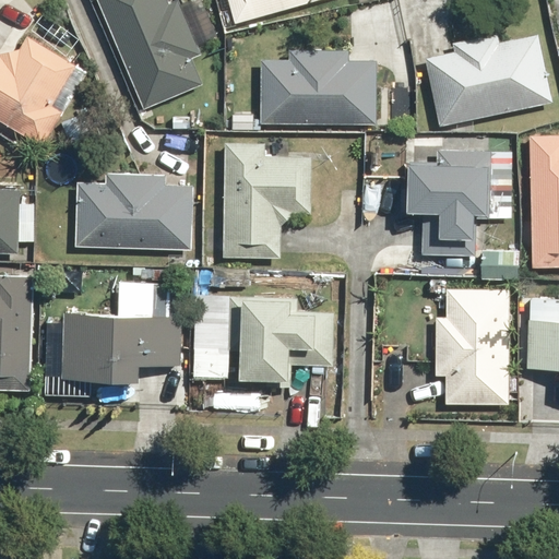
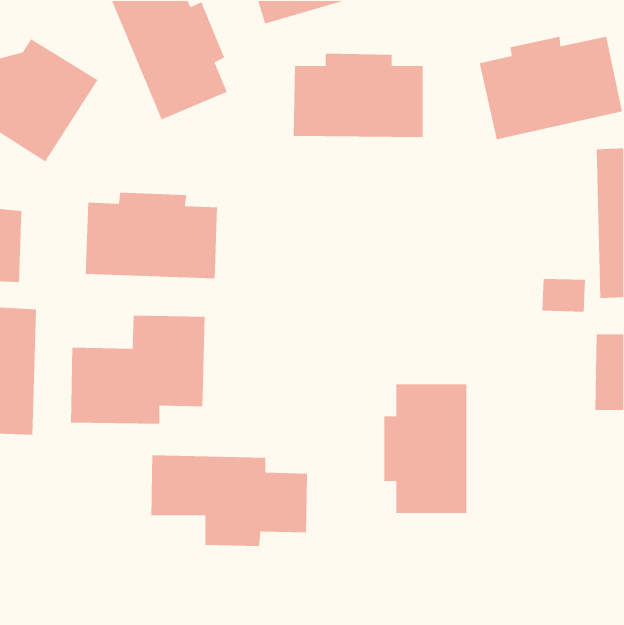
building: [406,133,512,258] -> none
building: [223,142,312,259] -> none
building: [435,289,509,405] -> [383,383,467,514]
building: [194,296,334,378] -> [150,455,308,547]

